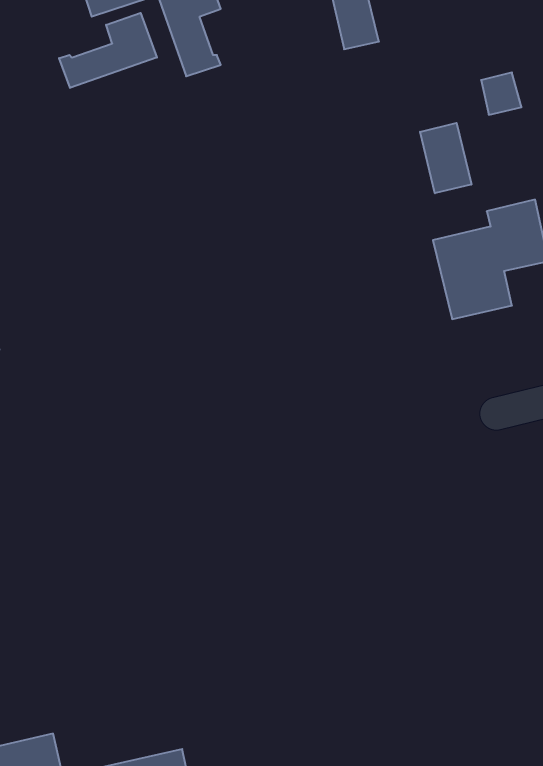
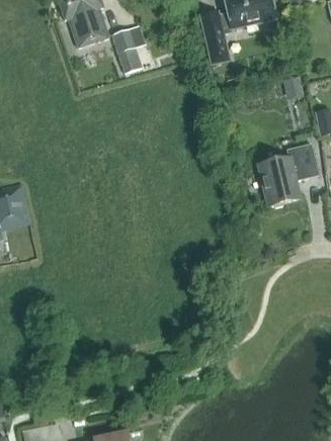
building: [59,13,157,88] -> none
building: [420,123,471,193] -> none

